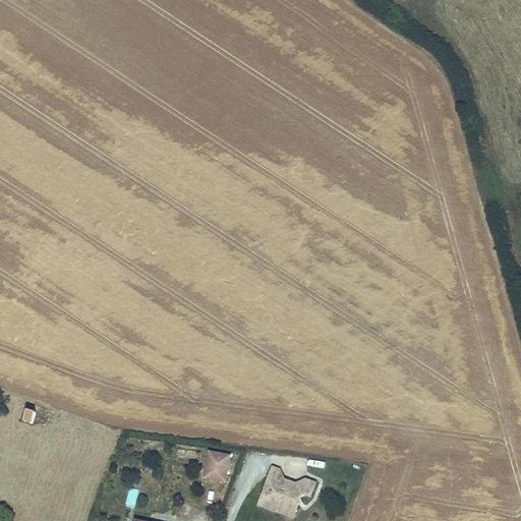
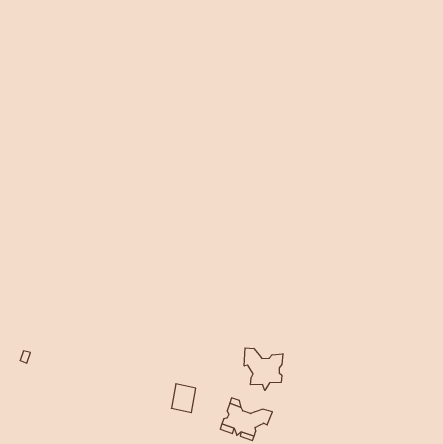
building: none -> [244,348,283,390]

